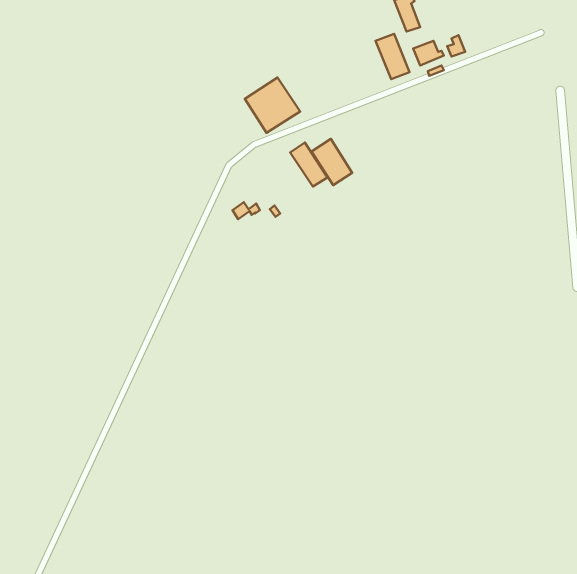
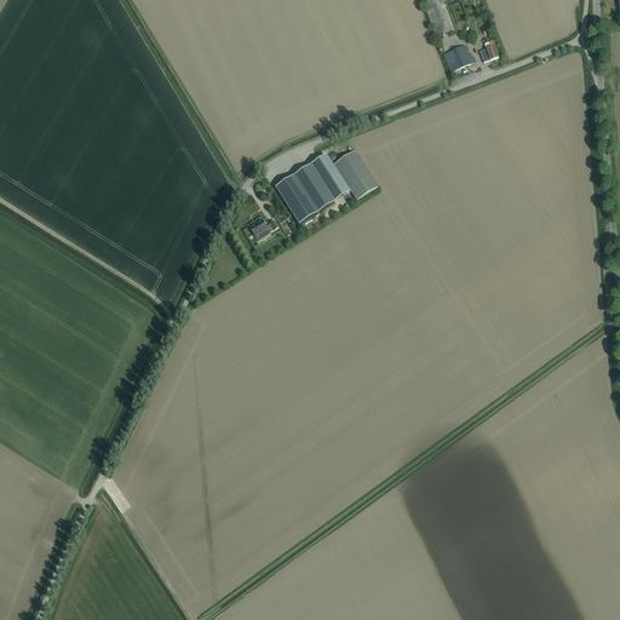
building: [376,34,409,79] -> none
building: [245,78,300,133] -> [276,163,335,223]

